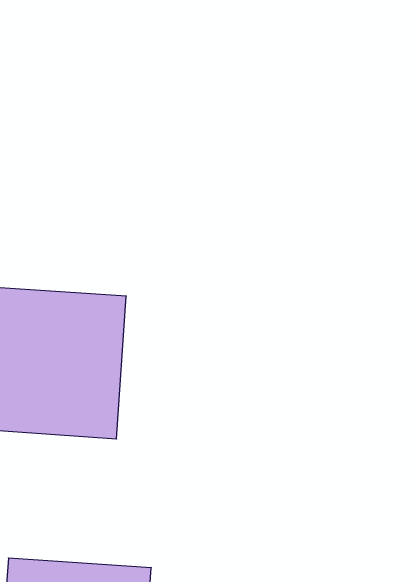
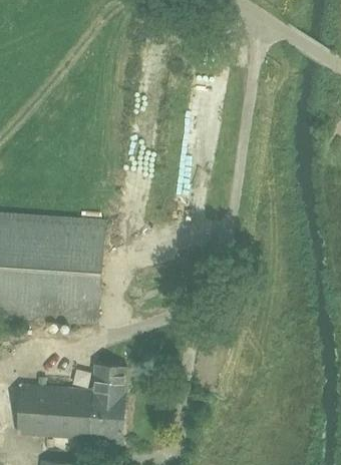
building: none -> [18,363,125,415]

